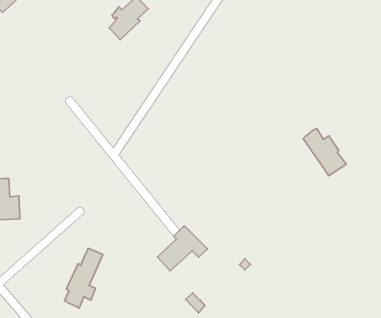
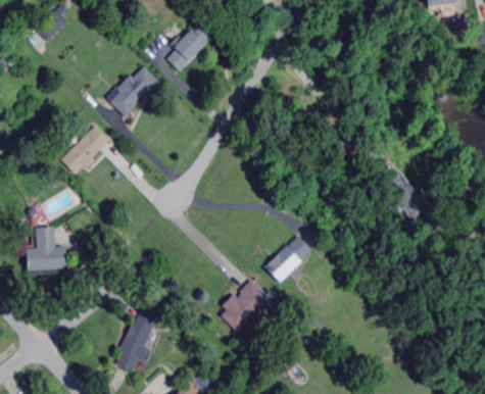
building: none -> [109,66,158,115]
building: none -> [60,126,109,174]
building: none -> [265,235,311,281]

